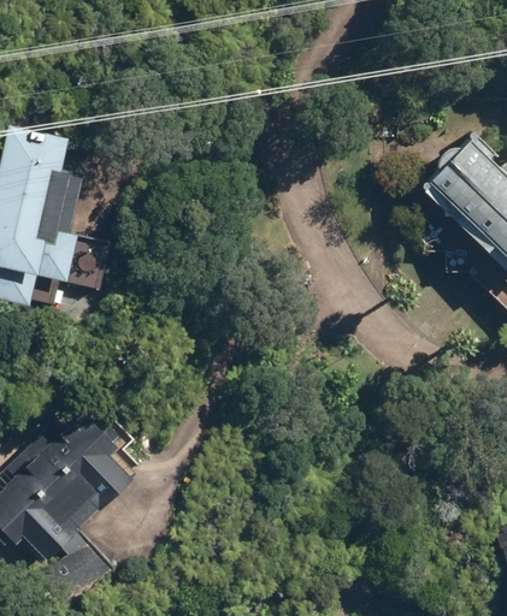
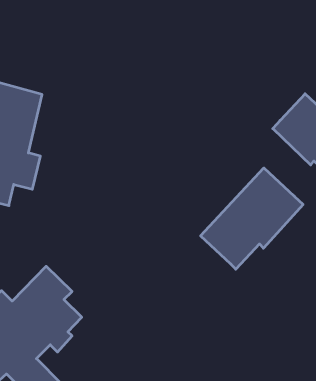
building: none -> [201,168,303,269]

